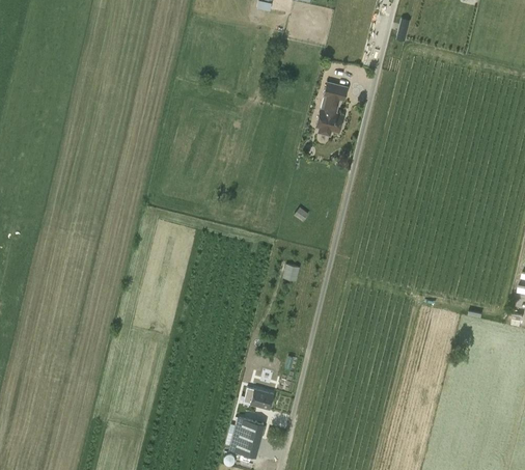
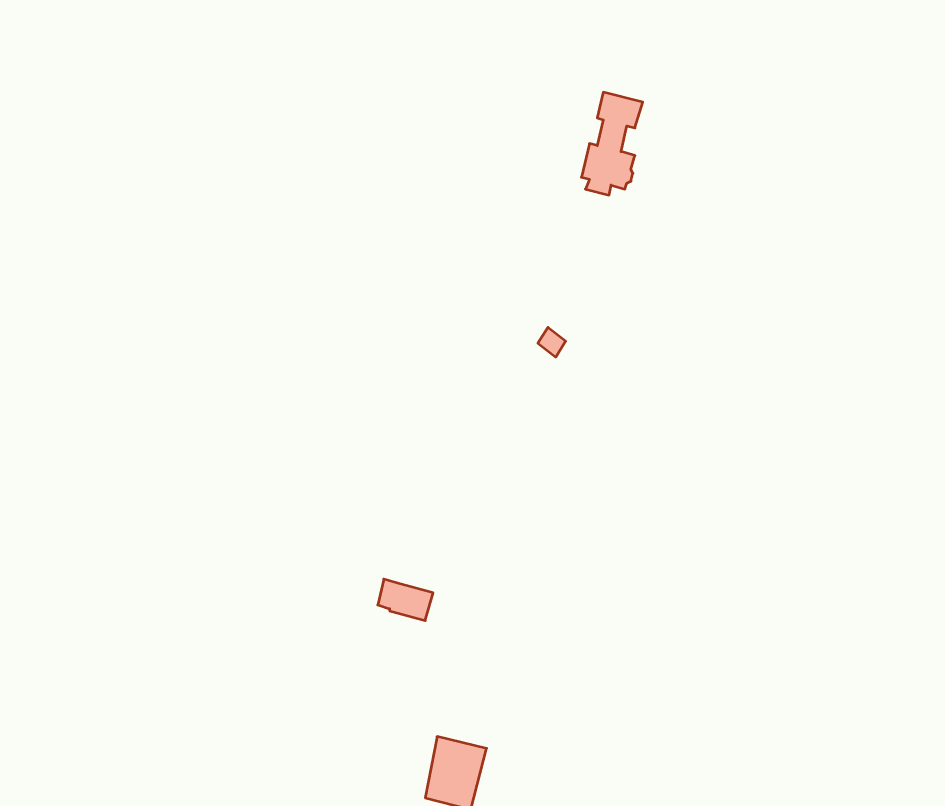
building: [244,386,273,408] -> [378,579,433,621]

